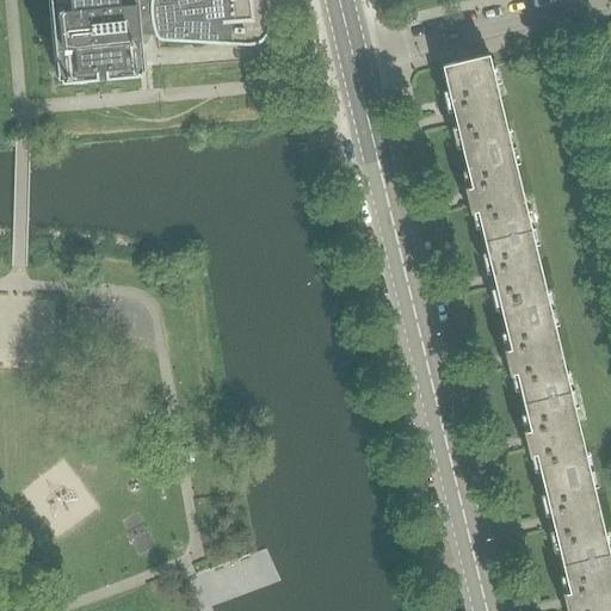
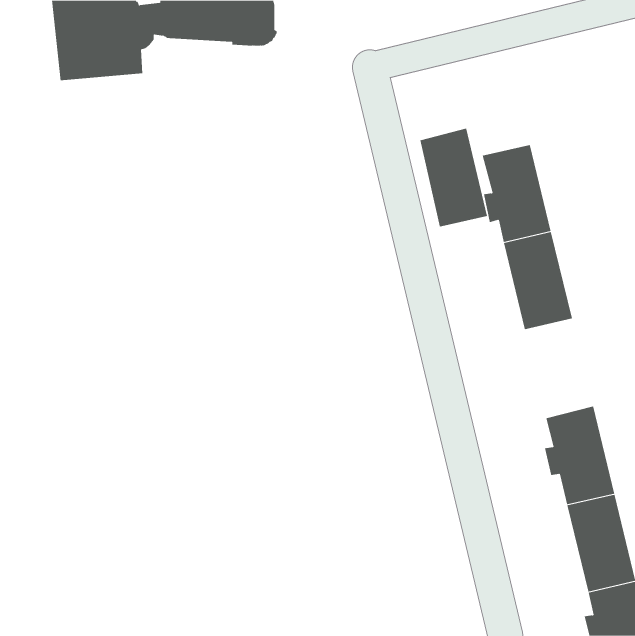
building: [444,54,510,149] -> [419,128,488,227]
building: [502,306,570,401] -> none

